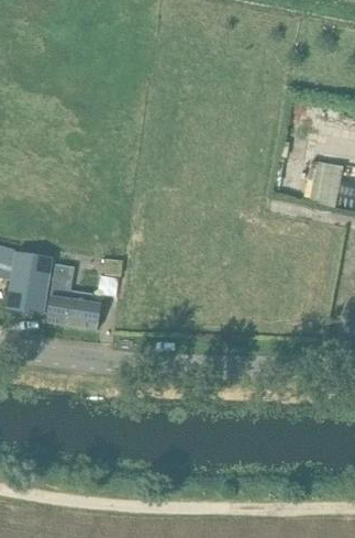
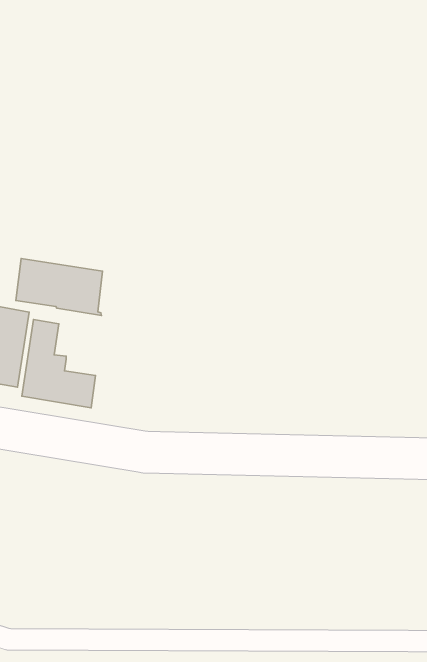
building: none -> [16,259,103,315]

